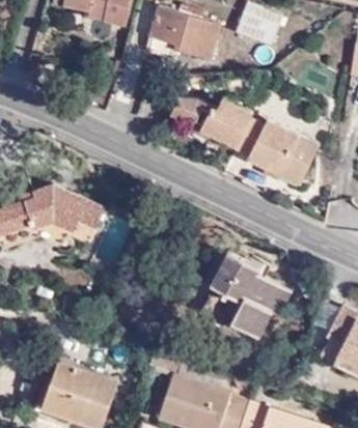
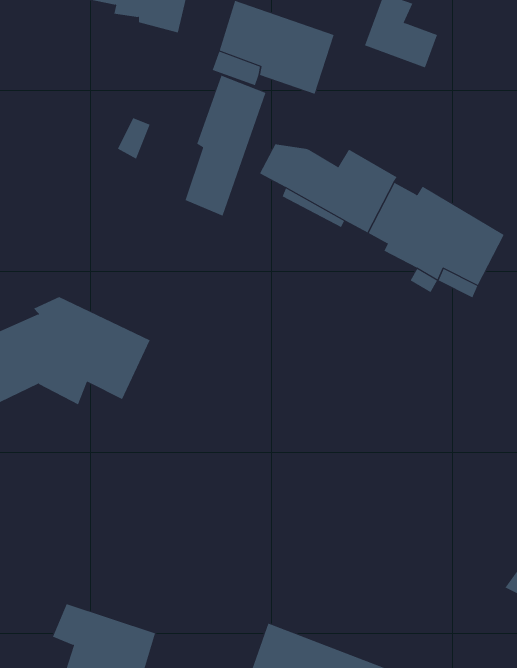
building: none -> [185,75,266,217]
building: [215,255,302,340] -> none

